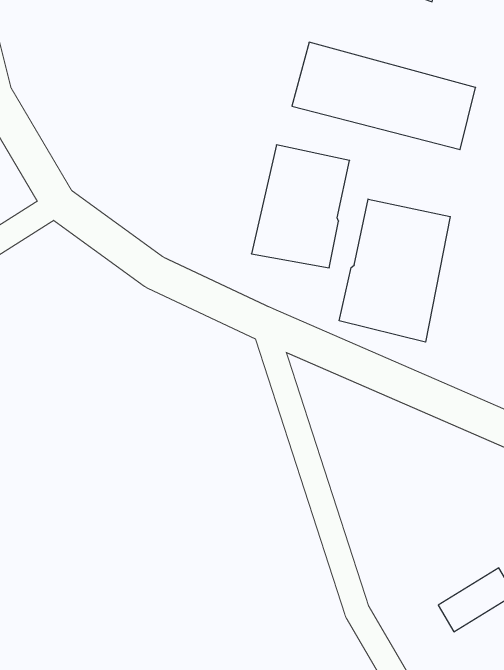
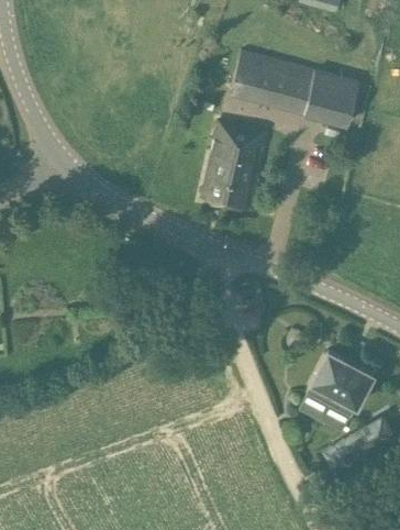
building: [339,199,450,342] -> none
building: none -> [303,352,370,418]

